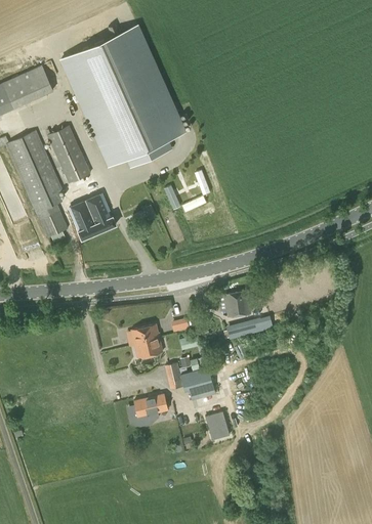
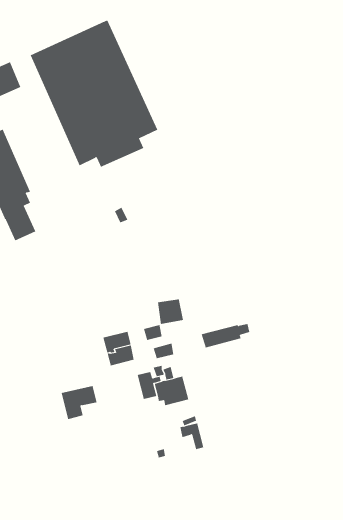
building: [47,126,90,184] -> none
building: [66,192,116,241] -> none
building: [225,292,251,316] -> [157,299,184,325]
building: [133,395,168,428] -> [61,385,97,420]

